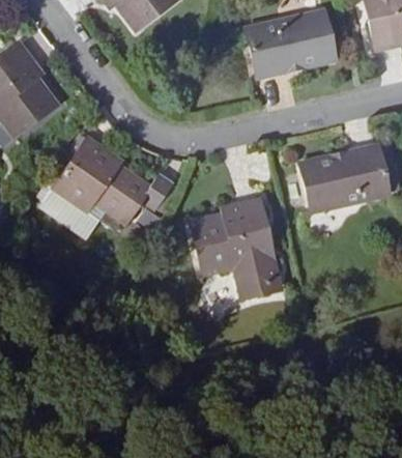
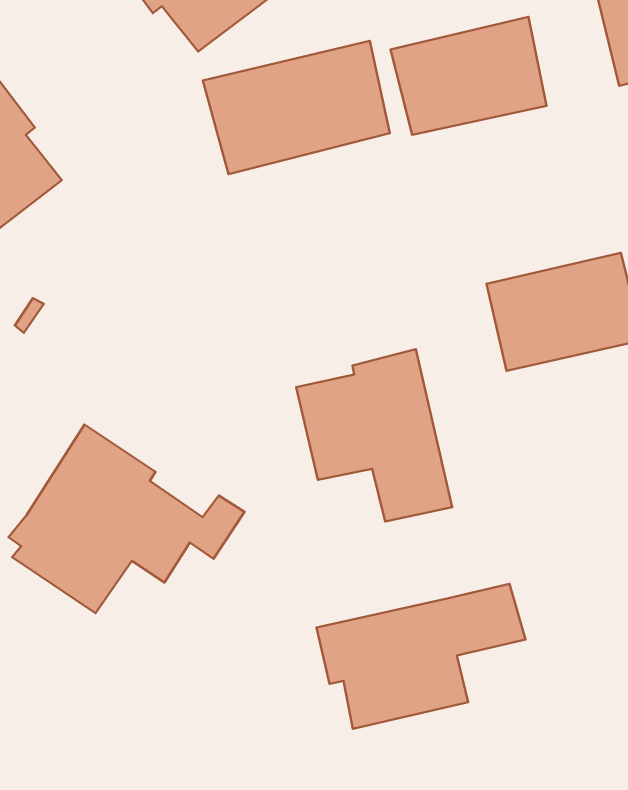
building: none -> [203,41,390,174]
building: [37,133,172,240] -> [8,425,244,613]
building: none -> [316,584,525,729]

